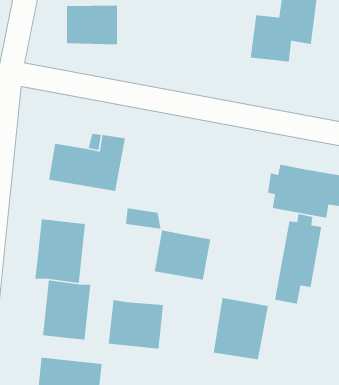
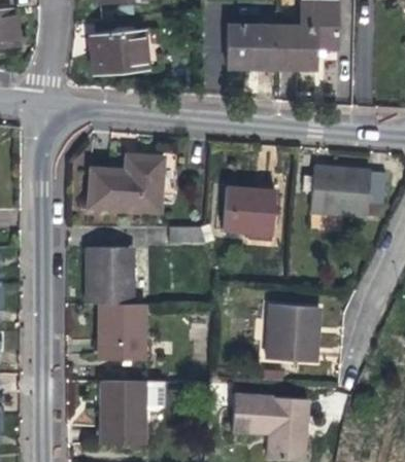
building: none -> [228,24,276,68]
building: [274,213,322,305] -> none
building: [154,229,211,280] -> [224,187,276,233]
building: [108,299,164,350] -> none

